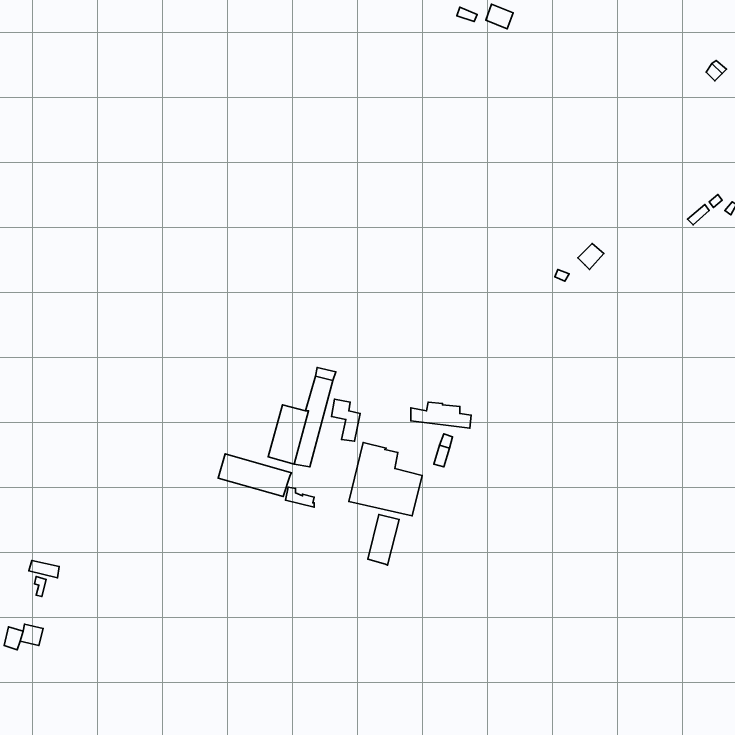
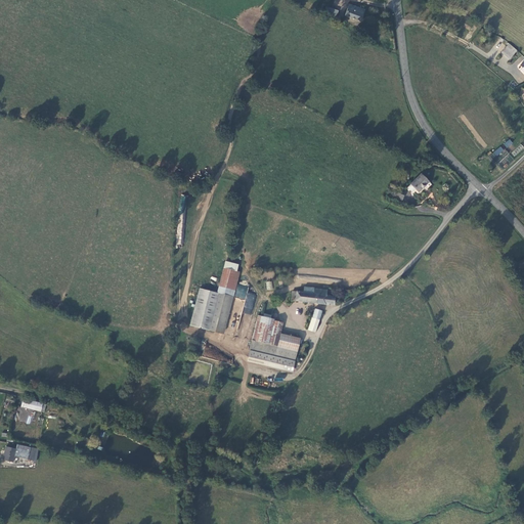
building: [218,454,292,496] -> none
building: [368,515,399,565] -> none

